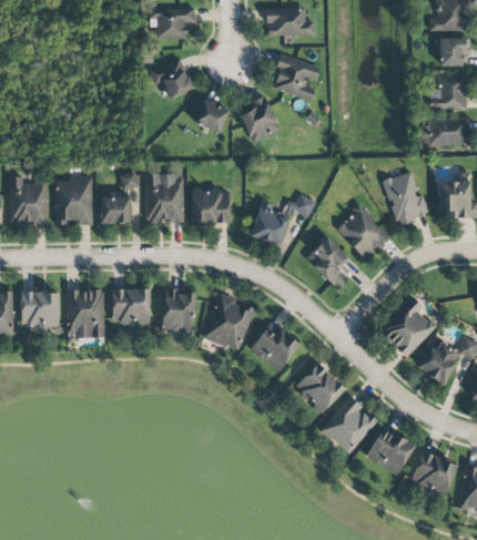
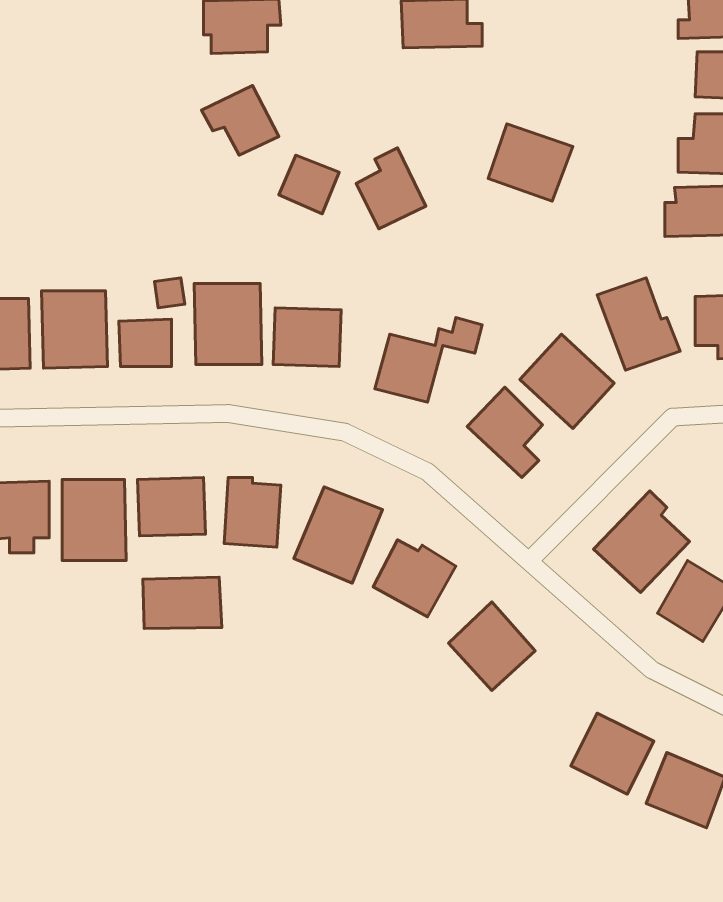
building: [272,54,322,100] -> [488,124,573,201]
building: none -> [143,577,222,629]
building: [321,395,377,454] -> none

